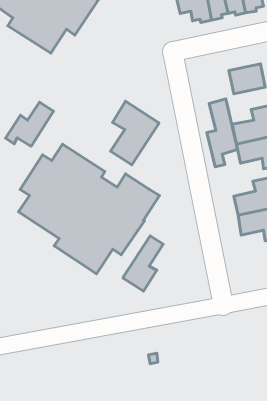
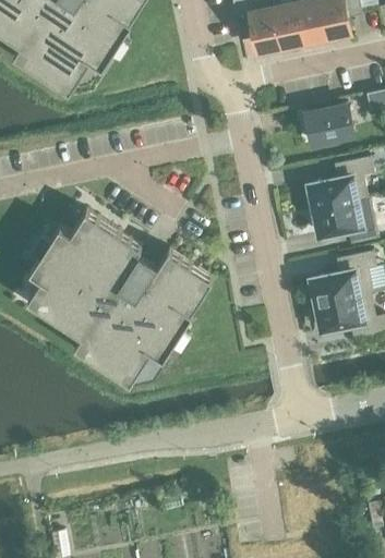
building: [207,99,238,167] -> none
building: [111,101,159,165] -> none
building: [6,102,54,146] -> none
building: [123,236,163,291] -> none

